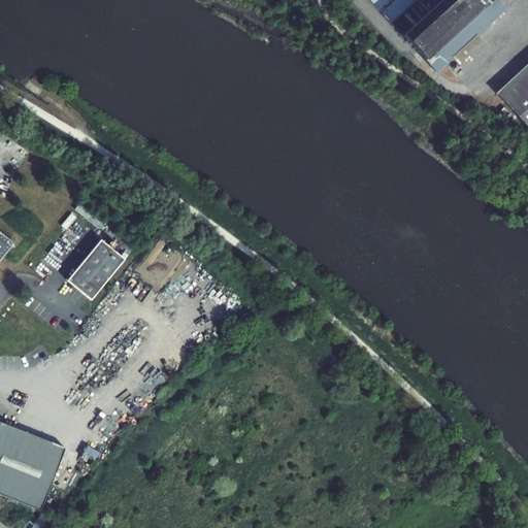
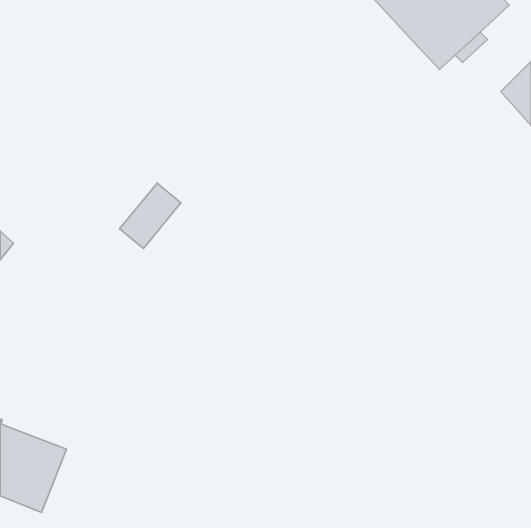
building: [67,233,128,298] -> [120,183,181,249]

